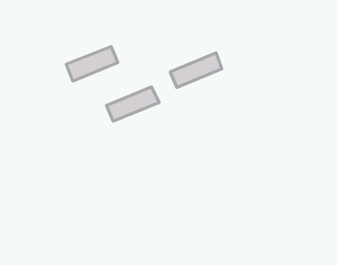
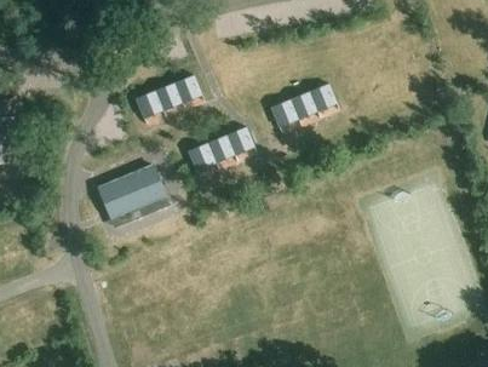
building: none -> [107,164,166,216]

